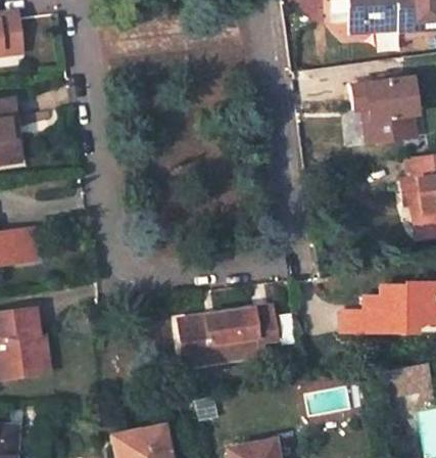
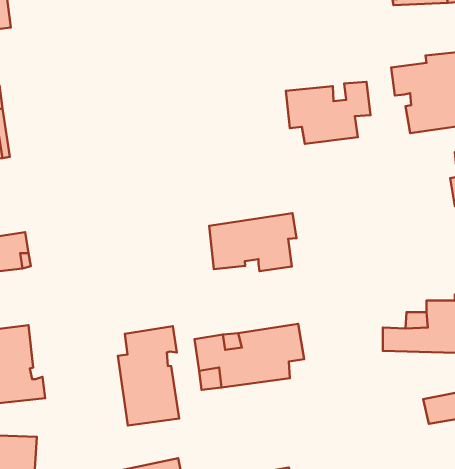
building: none -> [286,82,370,144]
building: none -> [209,213,296,271]
building: none -> [118,326,179,426]

